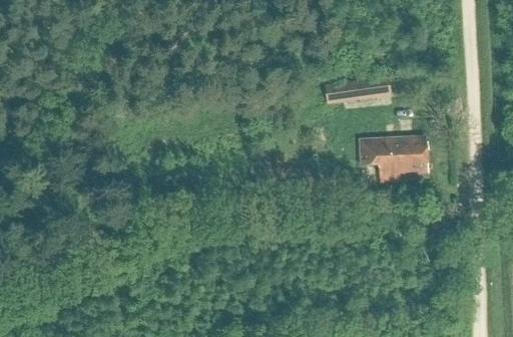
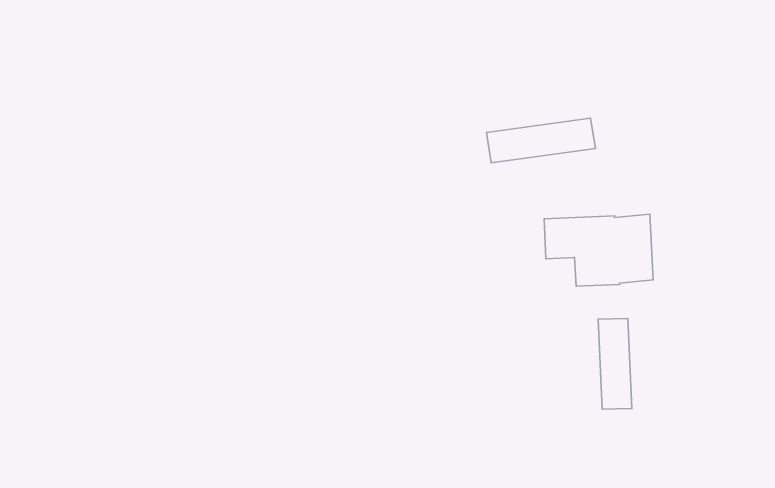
building: none -> [598,318,632,409]

